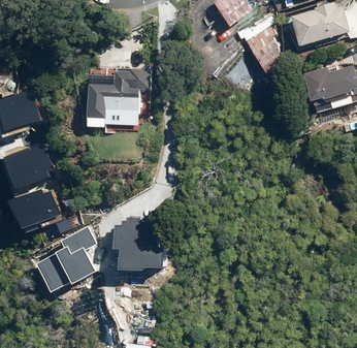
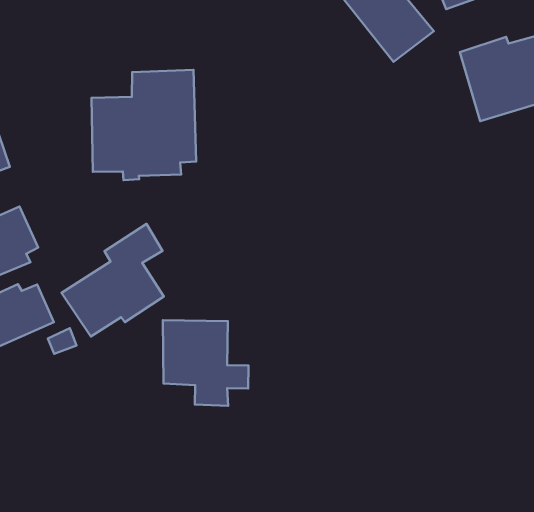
building: [32,227,93,291] -> [61,224,164,337]

